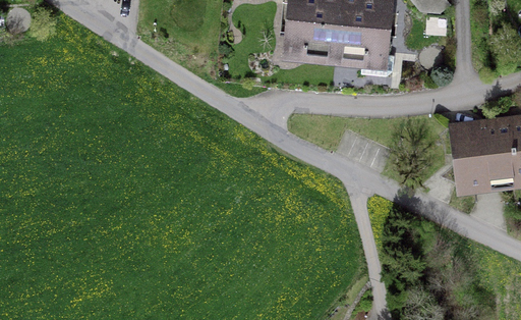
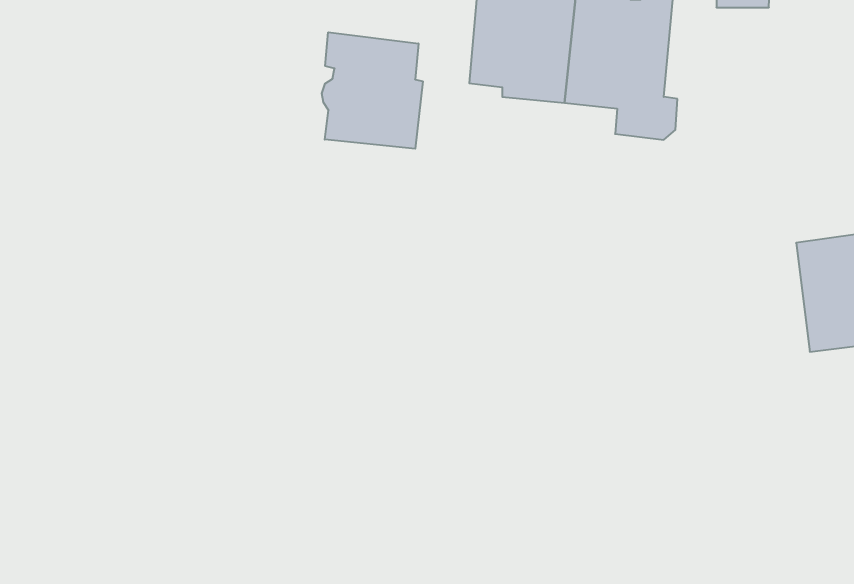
building: none -> [322,32,423,149]

